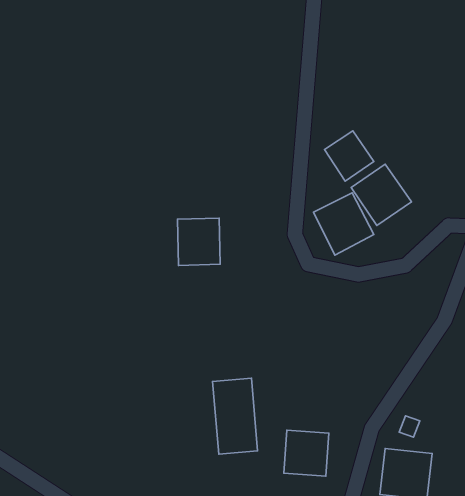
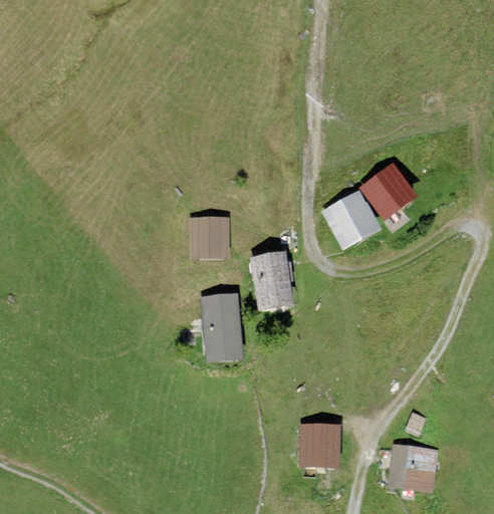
building: [324,131,374,181] -> none
building: none -> [251,252,295,314]
building: [213,378,258,454] -> [200,292,244,366]

